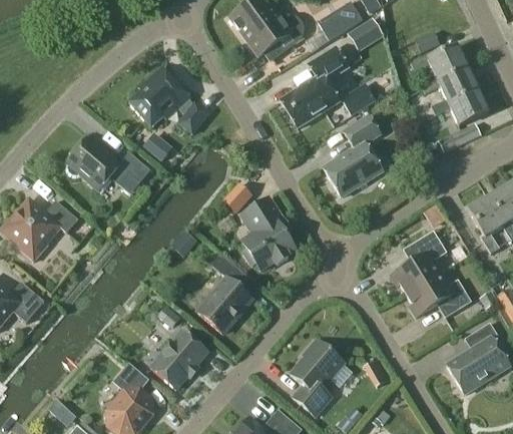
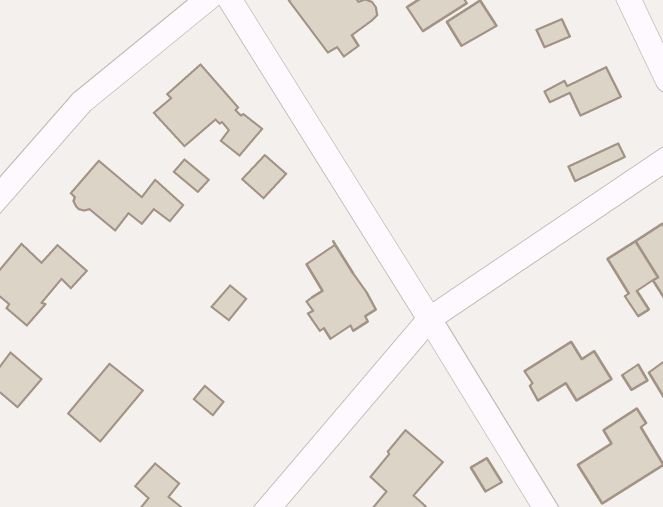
building: [411,45,467,81] -> none
building: [281,47,348,127] -> none
building: [342,83,376,115] -> none
building: [431,89,488,125] -> none
building: [323,115,383,196] -> none
building: [219,180,252,212] -> [242,155,286,198]
building: [391,231,447,295] -> none
building: [198,254,252,333] -> none
building: [151,331,207,389] -> [68,364,143,442]

